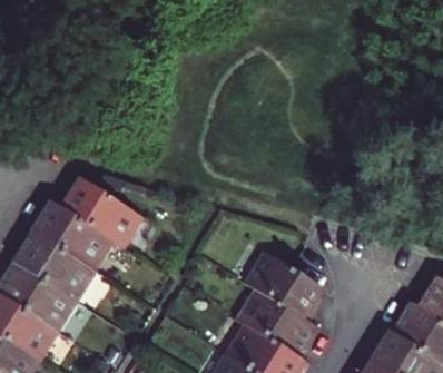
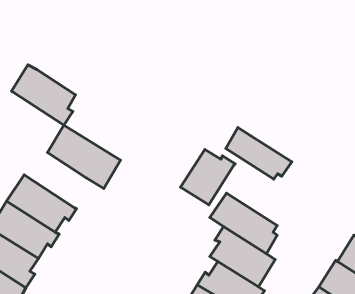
building: none -> [226,128,292,179]
building: [31,200,105,269] -> [11,65,76,125]
building: none -> [181,149,235,205]

